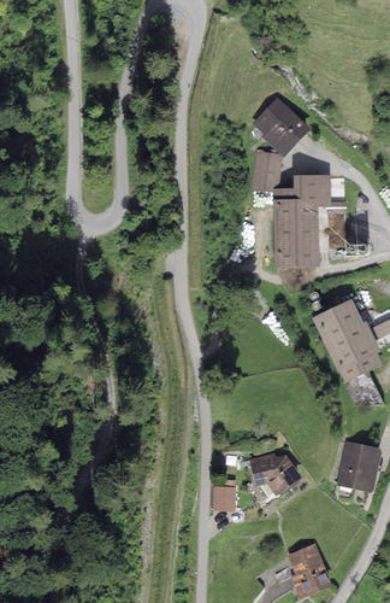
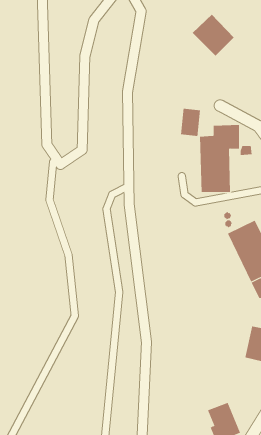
building: [250,96,307,153] -> [192,14,234,56]
building: [249,453,299,496] -> none
building: [212,486,235,511] -> none

